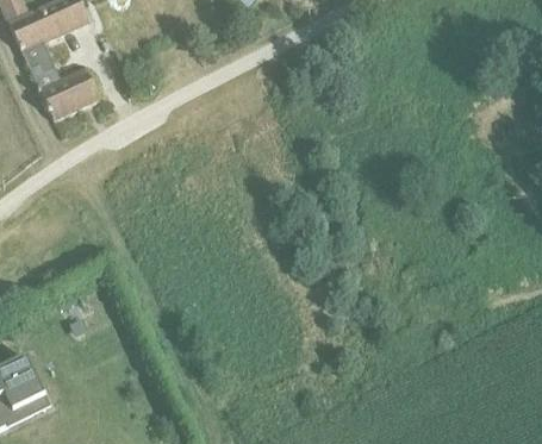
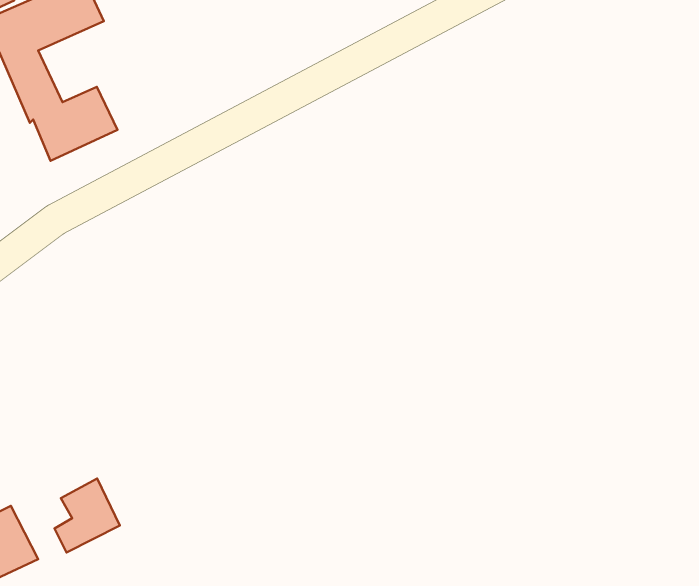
building: none -> [54,479,120,552]

